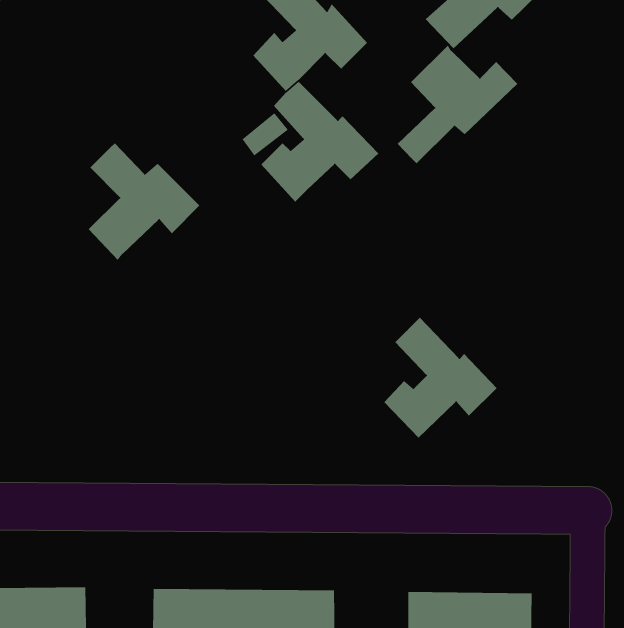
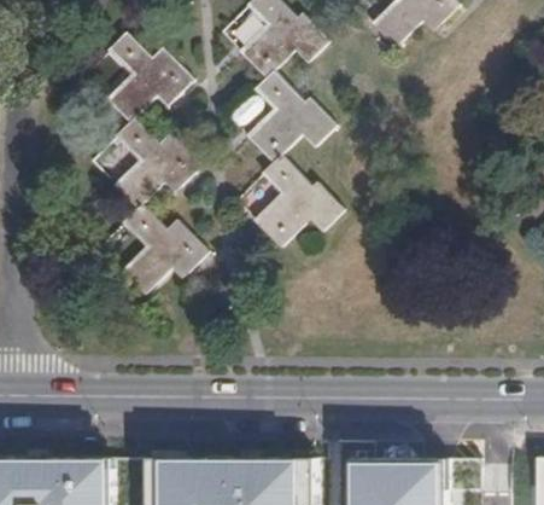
building: none -> [106,34,193,123]
building: [397,45,518,164] -> none
building: none -> [121,204,206,294]
building: [384,317,497,439] -> [253,155,340,248]

